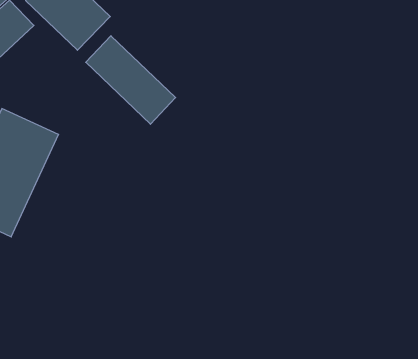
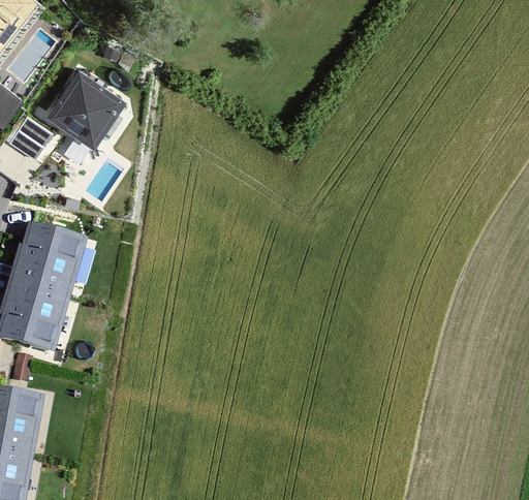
building: [86,36,176,124] -> none

